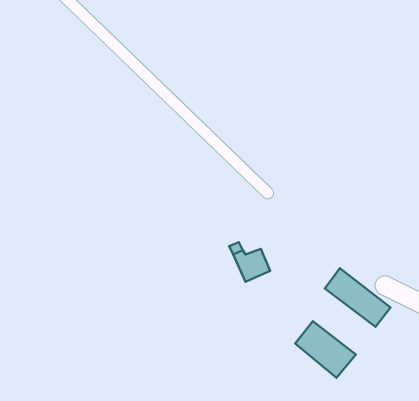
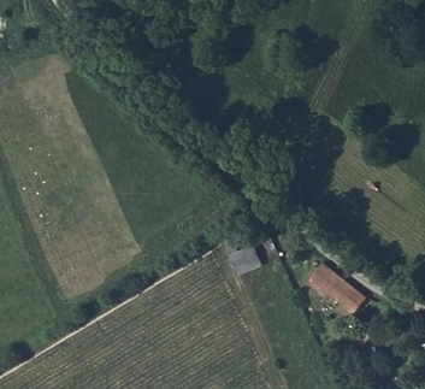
building: [295,321,356,378] -> none

